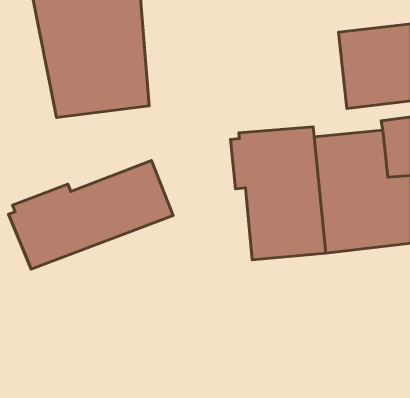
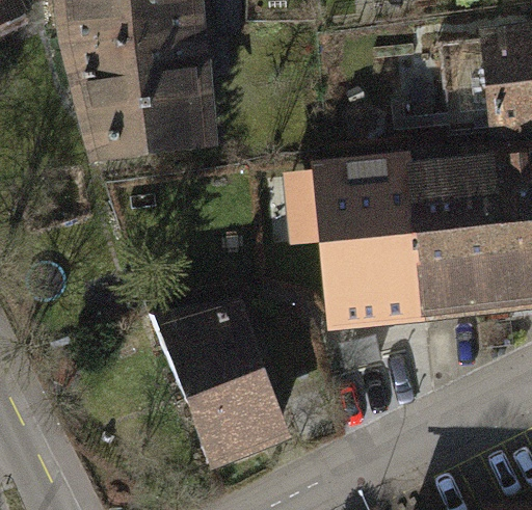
building: [8,161,173,269] -> none
building: none -> [152,313,283,462]

